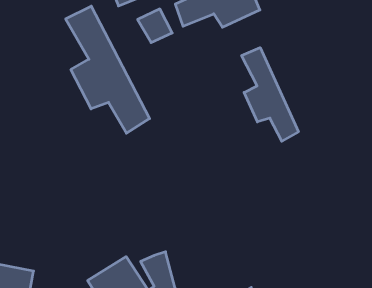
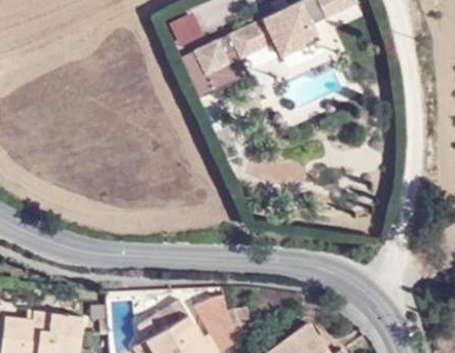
building: [66,6,150,133] -> none
building: [242,48,298,141] -> none

